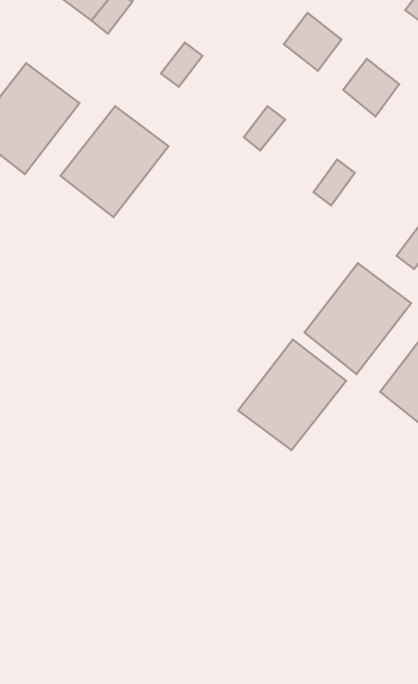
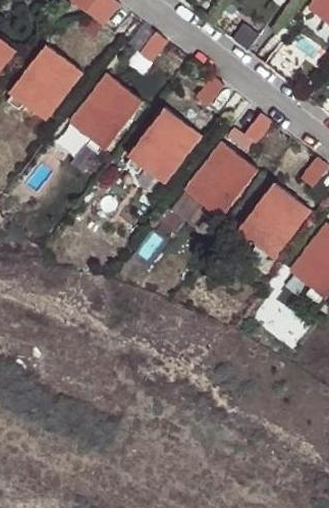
building: none -> [127,107,201,183]
building: [238,339,346,450] -> [184,142,259,218]

